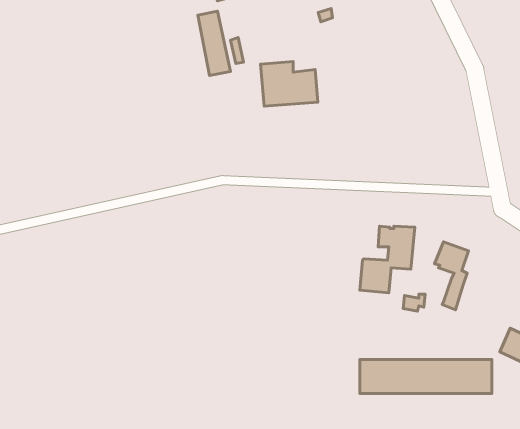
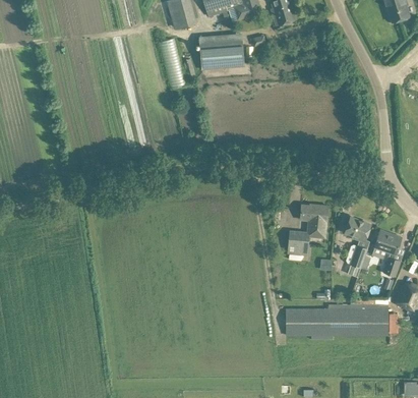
building: [260,62,318,106] -> [199,35,244,69]
building: none -> [371,229,402,277]

